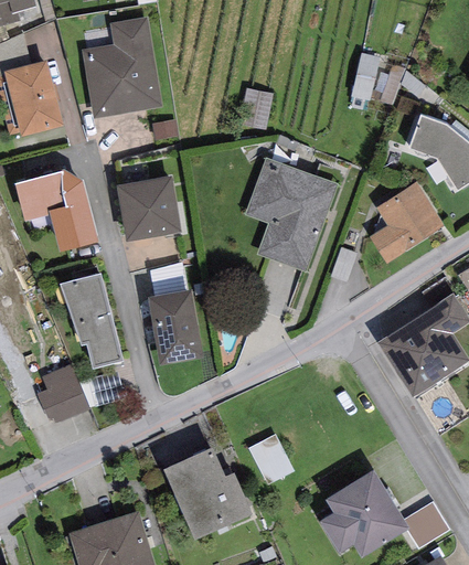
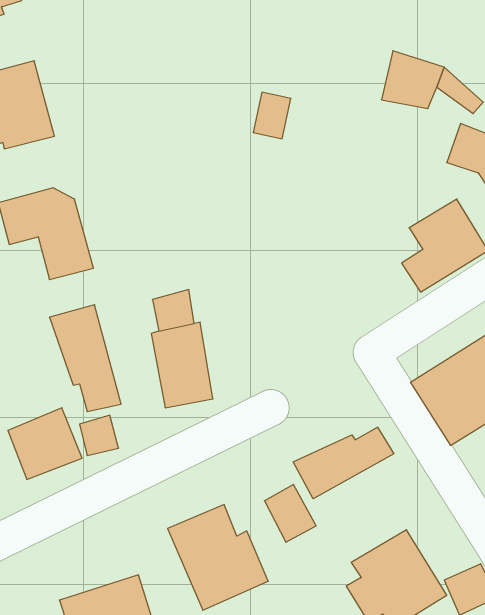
building: [82,17,161,117] -> none
building: [245,158,337,271] -> none
building: [118,177,180,241] -> none
building: none -> [293,427,394,499]

